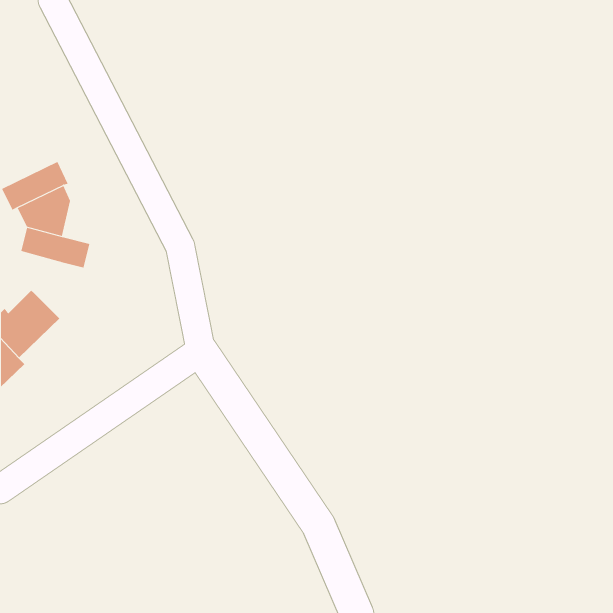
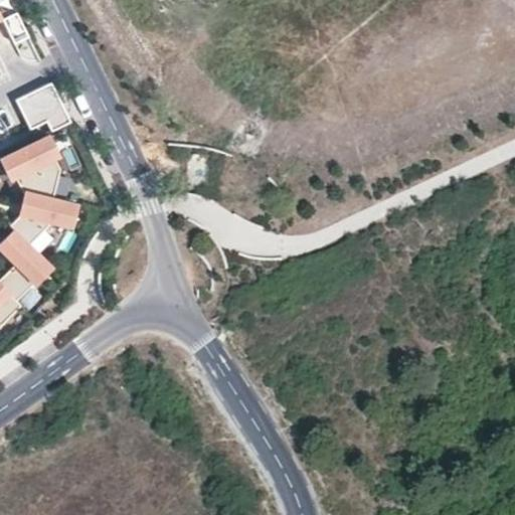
building: none -> [16,82,63,124]
building: none -> [10,211,51,246]

